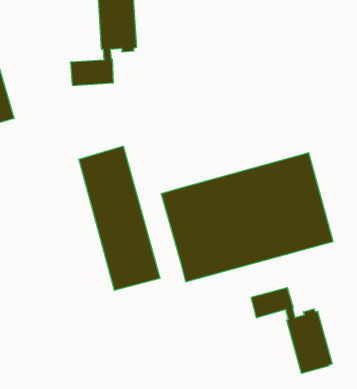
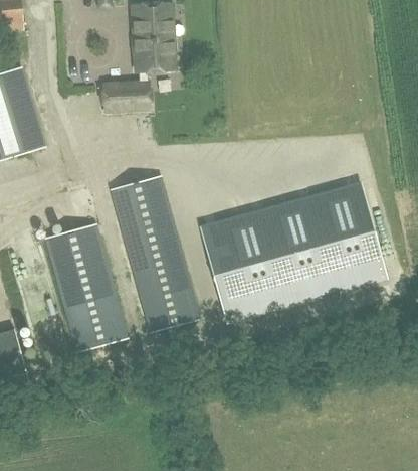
building: none -> [45,222,127,350]
building: [251,288,332,373] -> none

